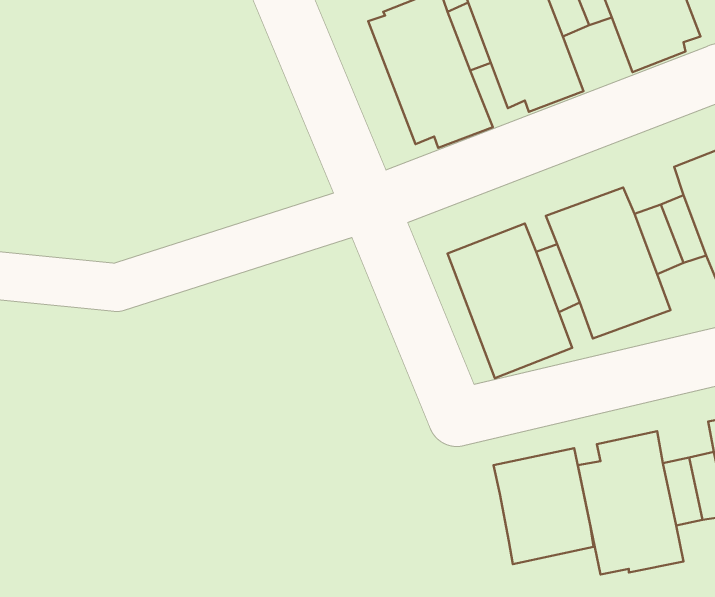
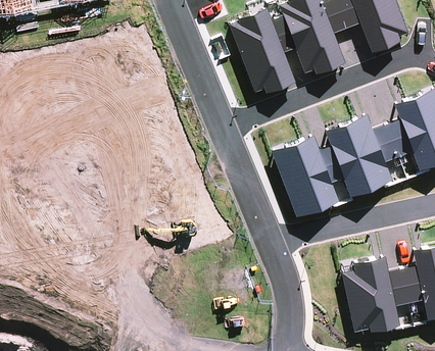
building: [494,448,593,564] -> none

